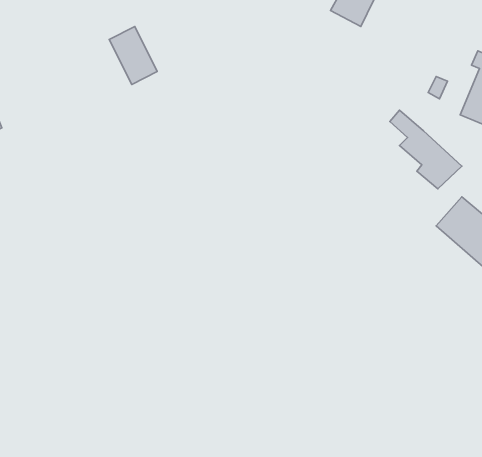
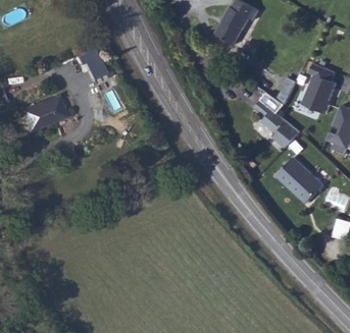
building: none -> [19,97,64,130]

